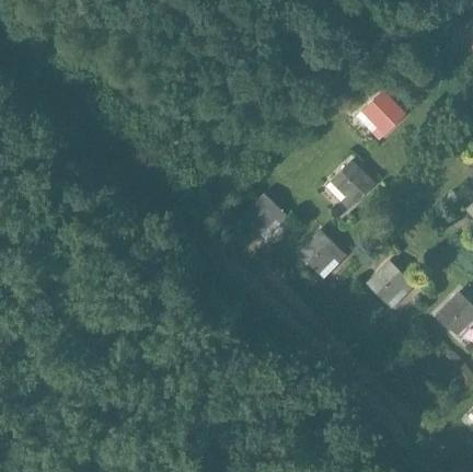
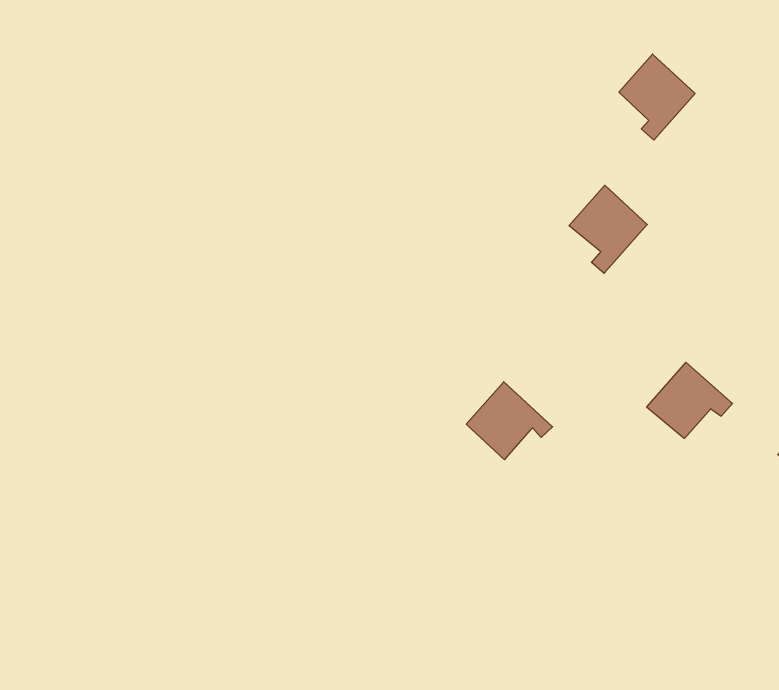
building: [243,195,287,233] -> none
building: [299,231,346,274] -> [466,382,553,460]

